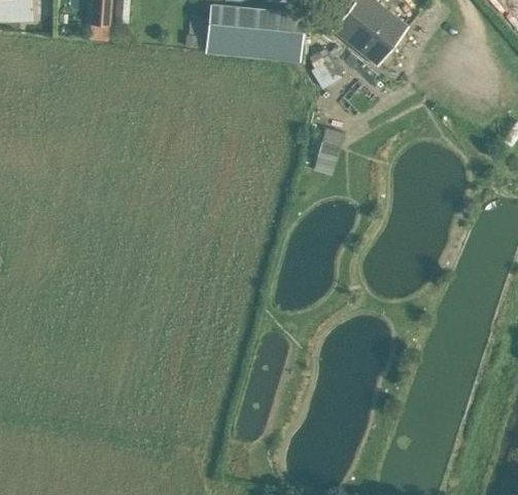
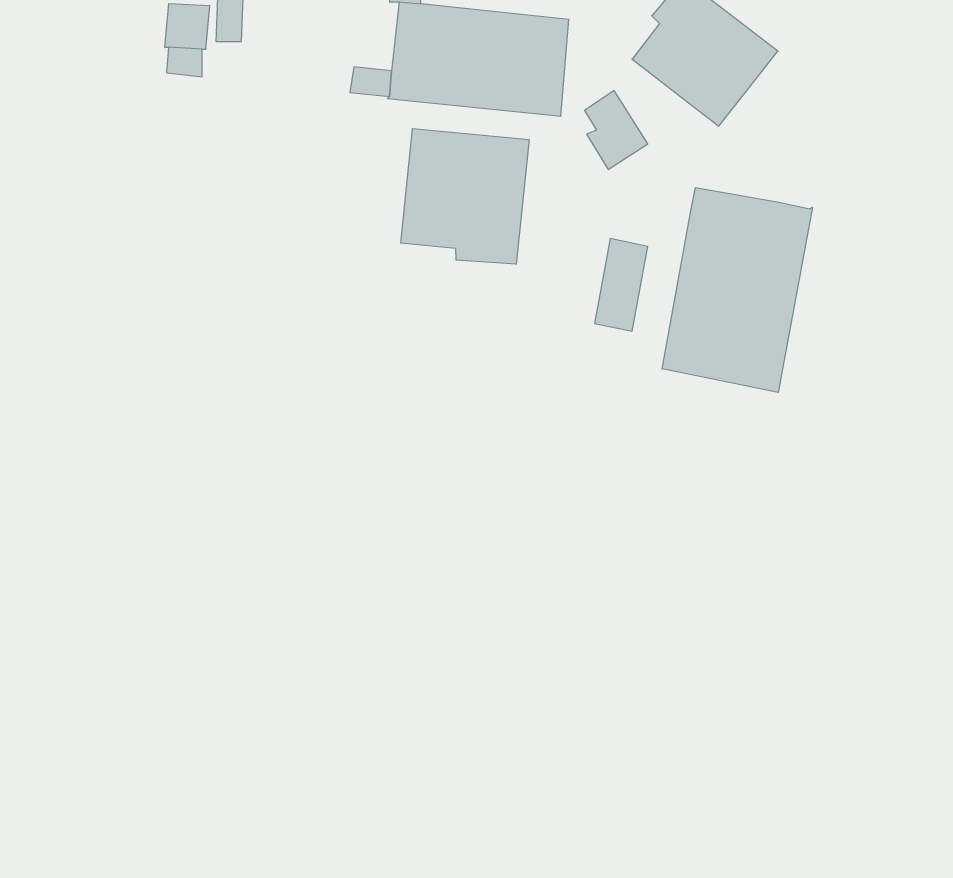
building: none -> [401,129,529,264]
building: none -> [662,188,813,393]

